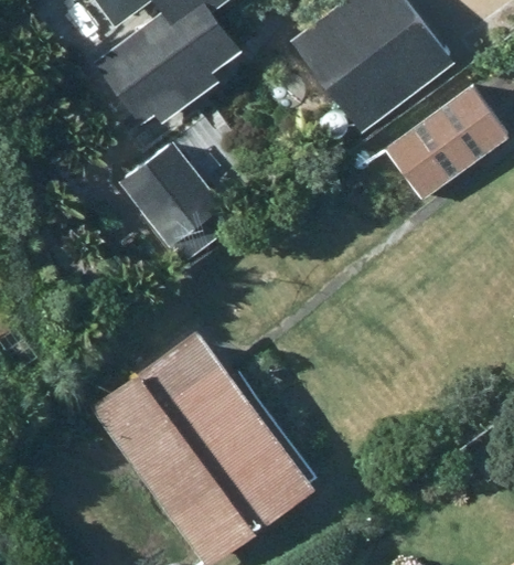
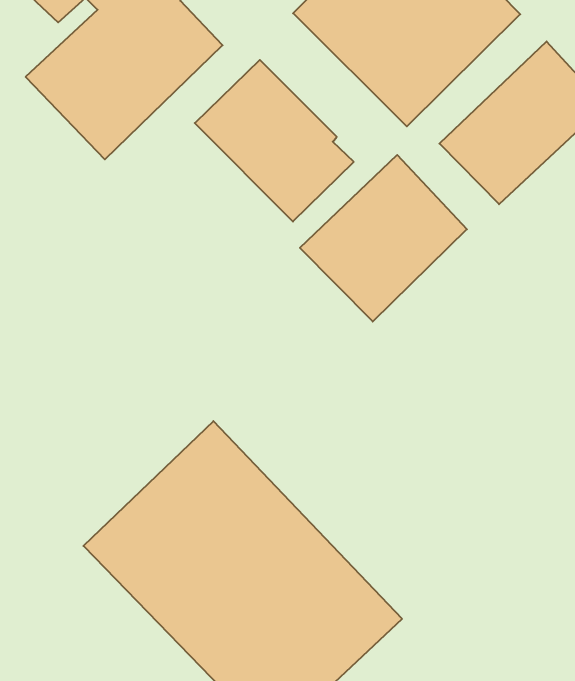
building: [121,145,233,265] -> [195,60,354,222]
building: none -> [300,155,467,322]

